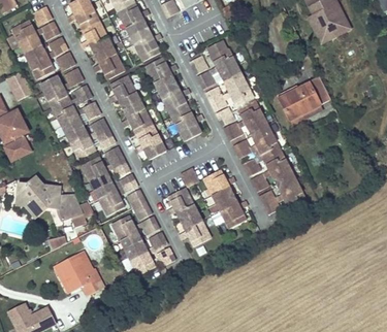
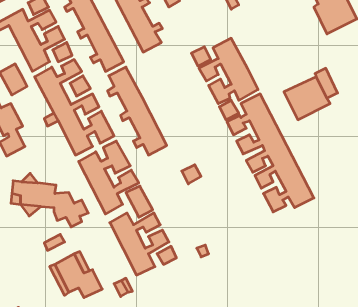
building: [146,56,203,141] -> none
building: [202,169,248,228] -> none
building: [167,188,211,245] -> none

